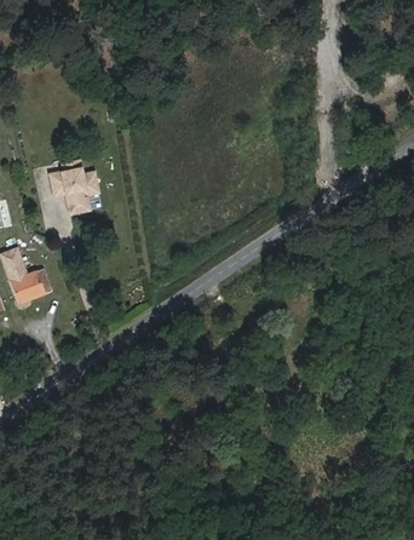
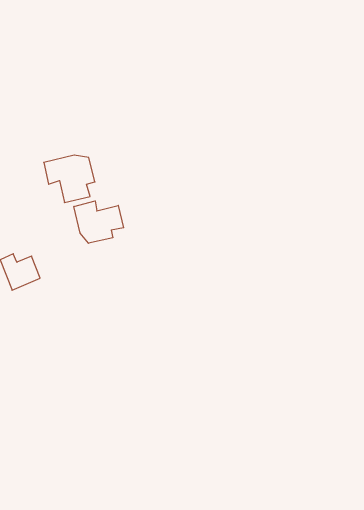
building: none -> [74,201,124,243]

